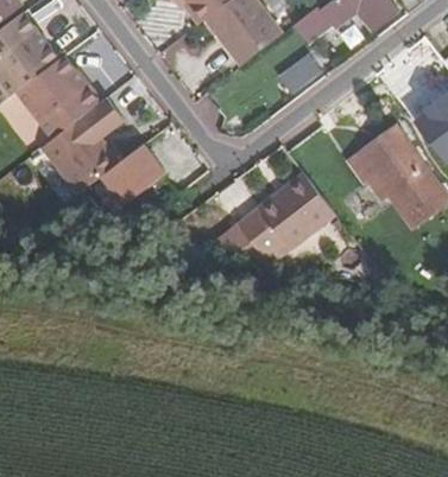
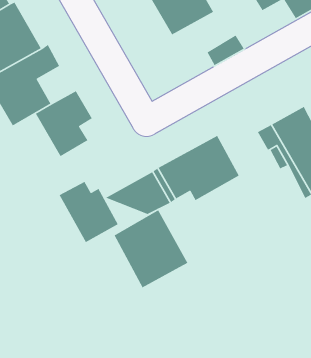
building: none -> [58,181,119,243]
building: none -> [113,209,188,289]

